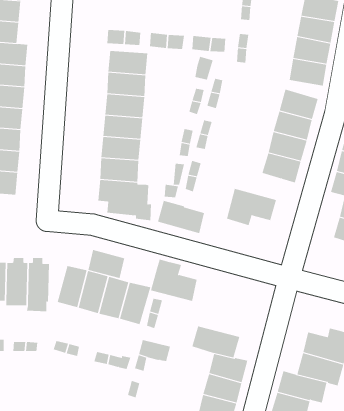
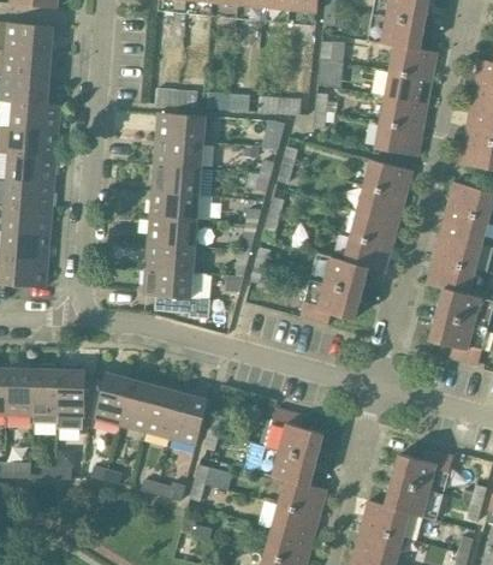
building: [157,200,205,234] -> [309,254,367,295]
building: [88,249,125,279] -> none
building: [150,259,198,301] -> [265,409,322,460]

